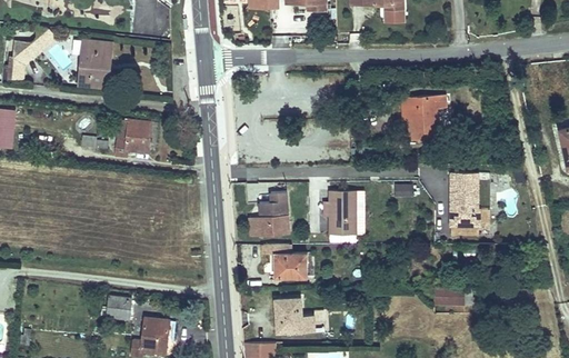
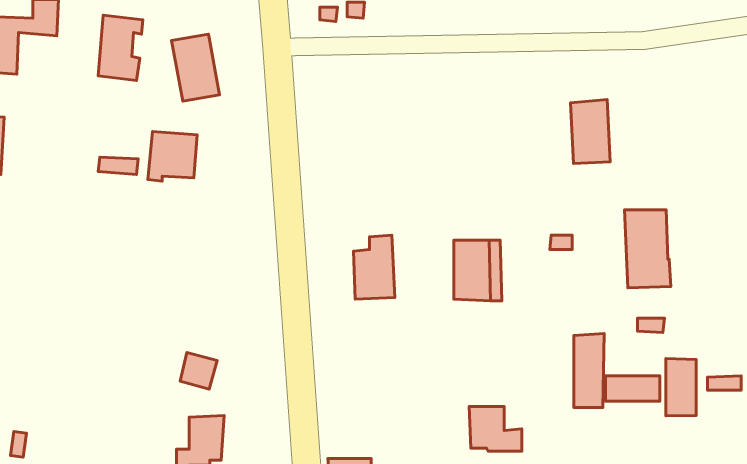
building: [262,247,306,279] -> none
building: none -> [574,334,604,407]
building: none -> [666,358,696,416]
building: [107,294,132,319] -> [180,353,217,389]
building: [276,300,312,331] -> [469,407,522,451]

